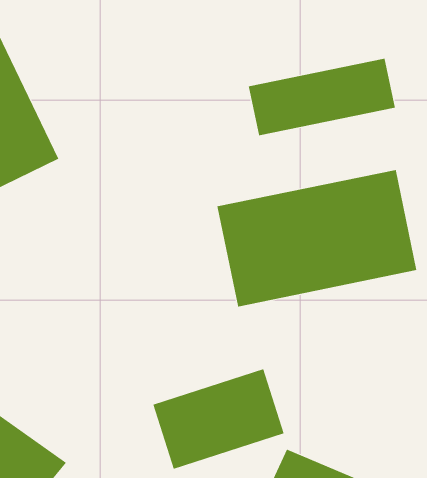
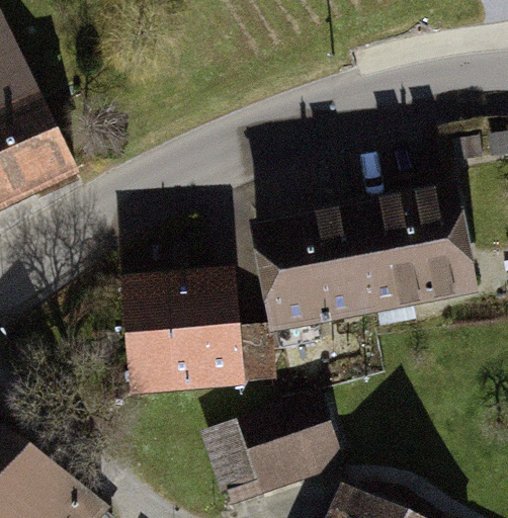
building: [248,58,395,136] -> none
building: none -> [129,273,264,395]

